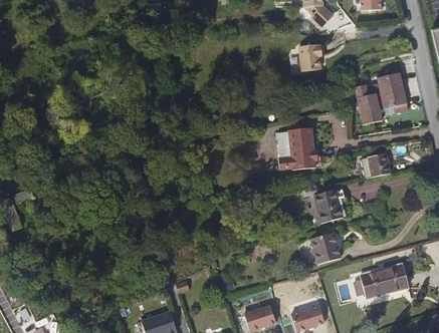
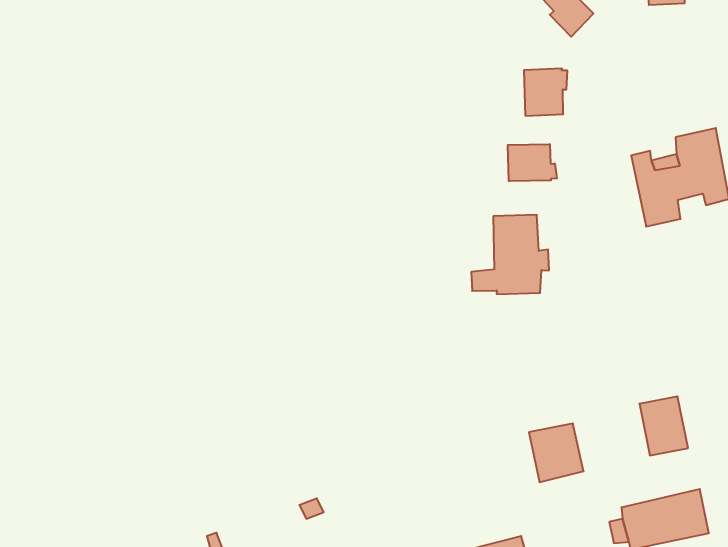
building: none -> [508,144,557,181]
building: [368,151,391,176] -> none
building: [314,190,342,222] -> [639,396,688,455]

